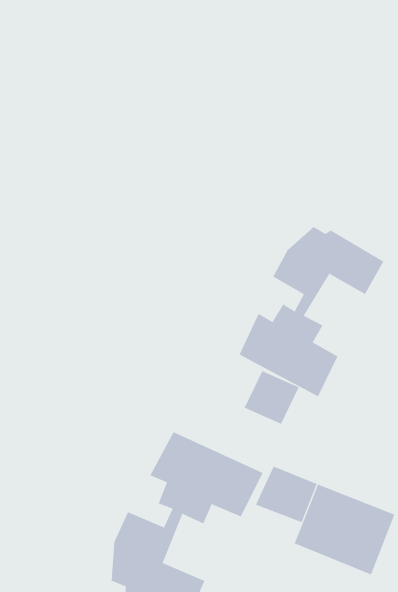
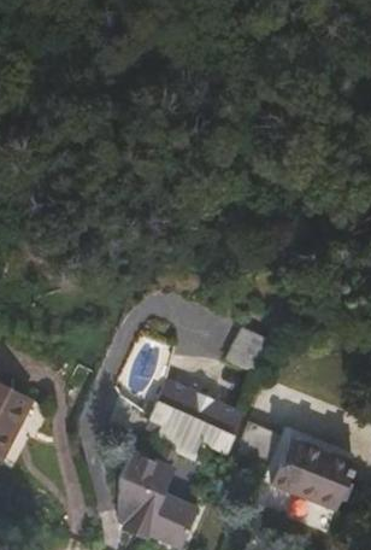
building: [239,226,384,397] -> none

